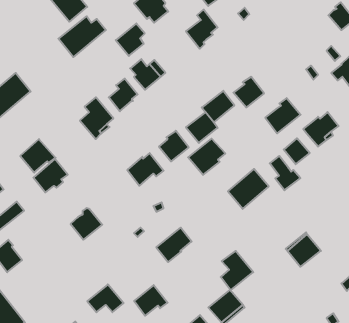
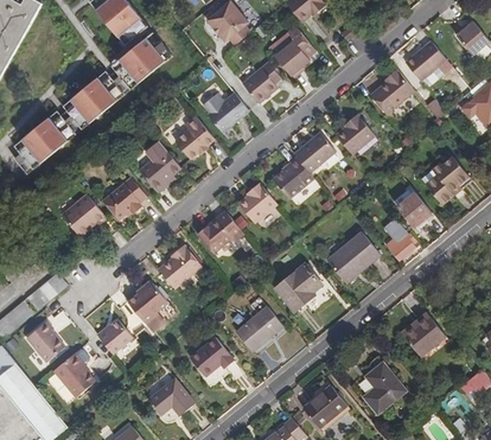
building: none -> [406,40,445,78]
building: [116,23,145,56] -> [240,62,276,103]
building: none -> [62,70,123,128]
building: [265,98,301,133] -> [369,69,414,114]
building: [188,139,225,175] -> [274,264,321,311]
building: [33,159,68,192] -> [102,177,146,219]
building: none -> [158,245,202,288]
building: none -> [96,319,129,353]
building: [221,251,253,290] -> [363,363,404,413]
building: none -> [52,353,95,397]
building: [134,285,168,316] -> [190,337,232,376]

